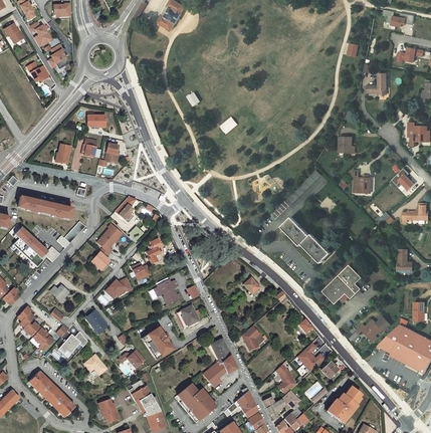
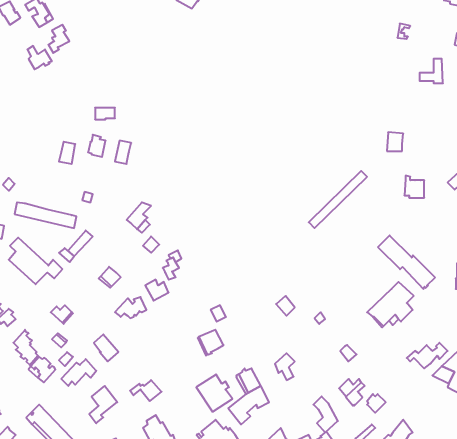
building: [281,217,331,263] -> [378,235,435,289]
building: [96,224,122,257] -> none
building: [154,279,180,305] -> none
building: [142,328,173,360] -> [196,374,232,412]

